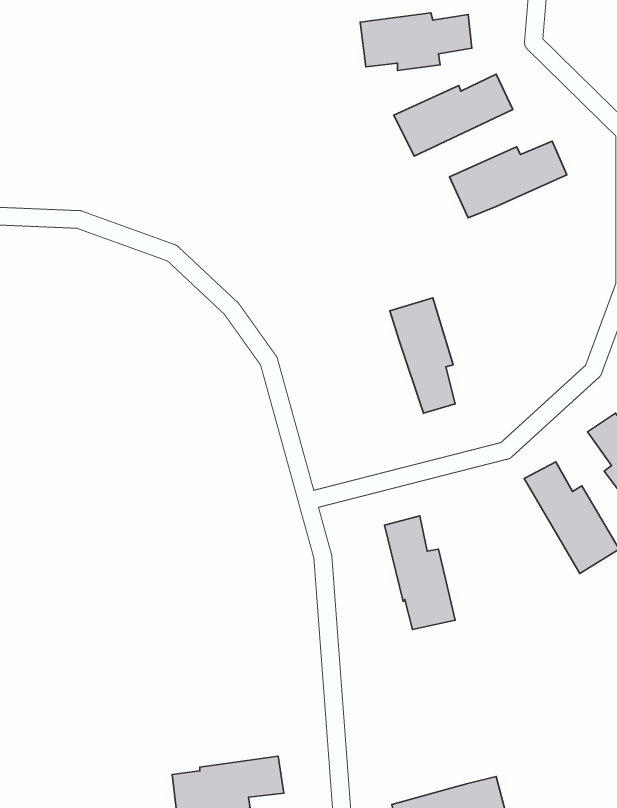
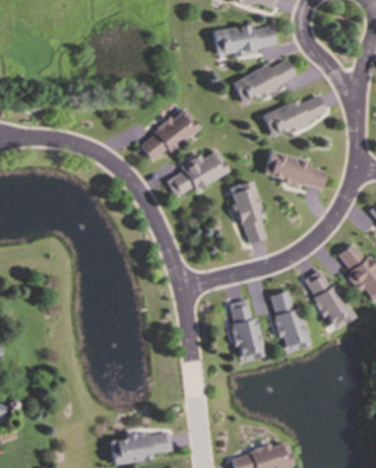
building: none -> [138,109,200,160]
building: none -> [167,150,230,197]
building: none -> [264,151,326,190]
building: none -> [268,290,310,352]

